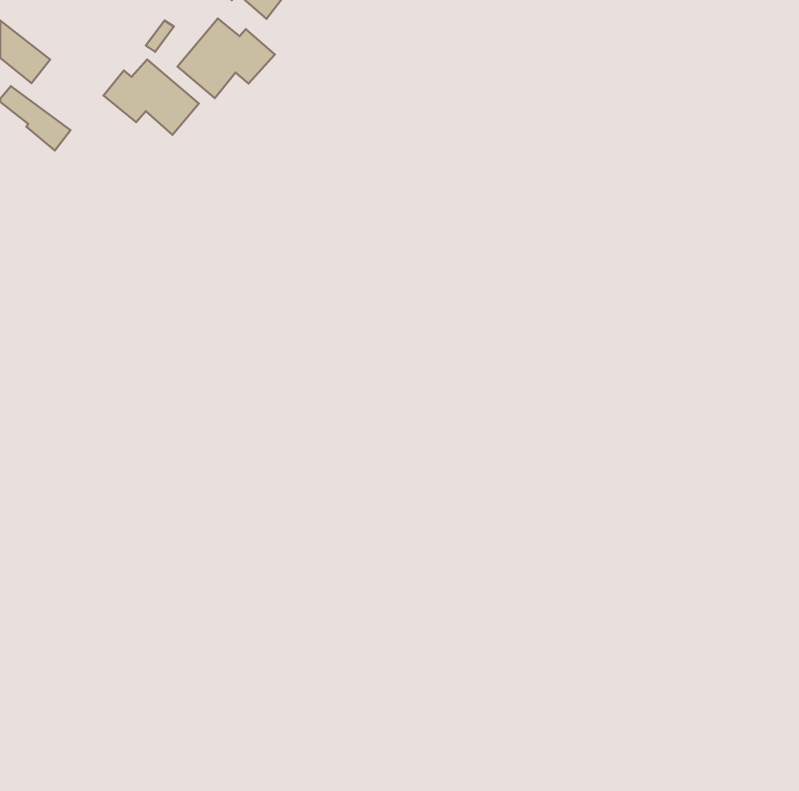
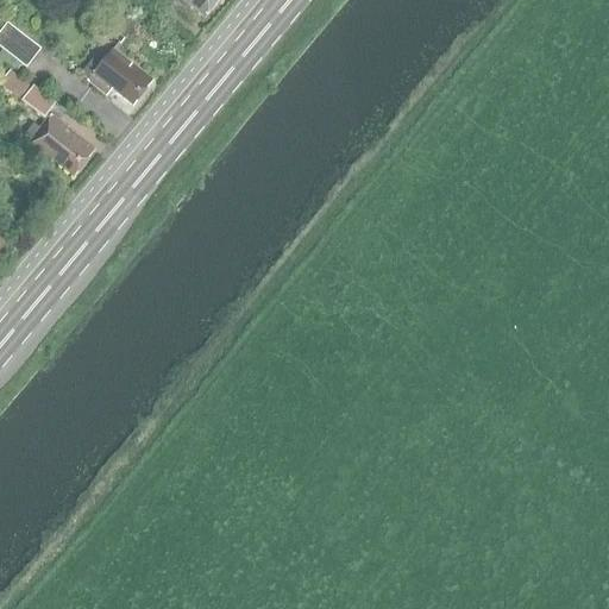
building: [177,19,275,98] -> none
building: none -> [25,113,95,175]

